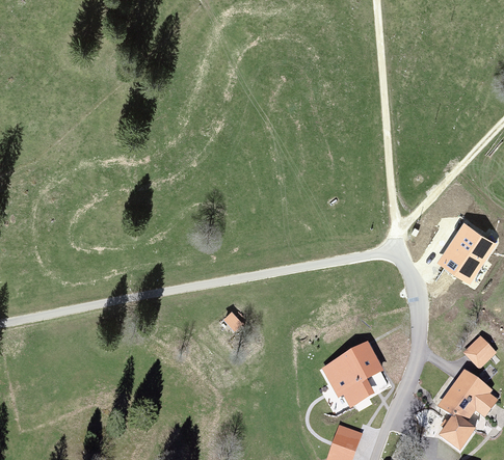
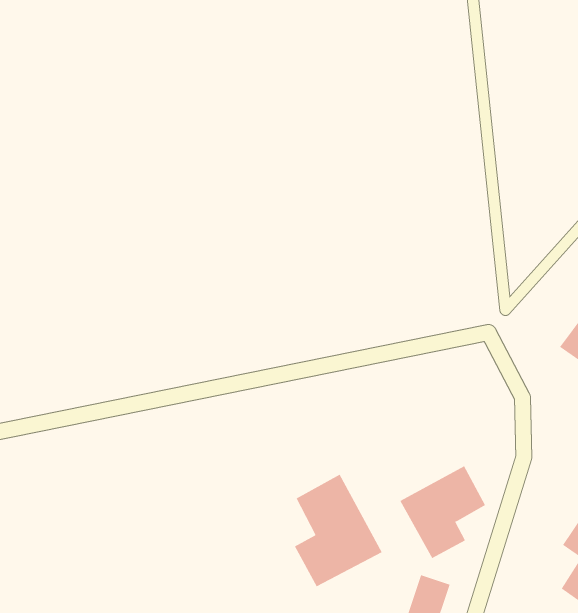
building: none -> [294,474,383,587]

